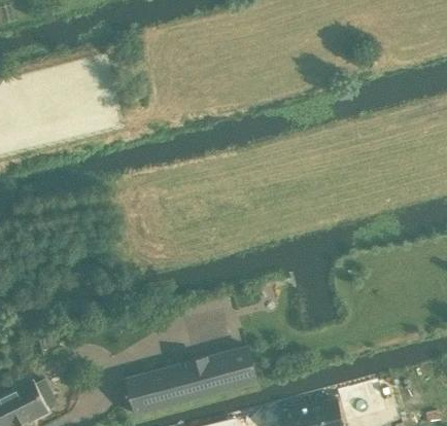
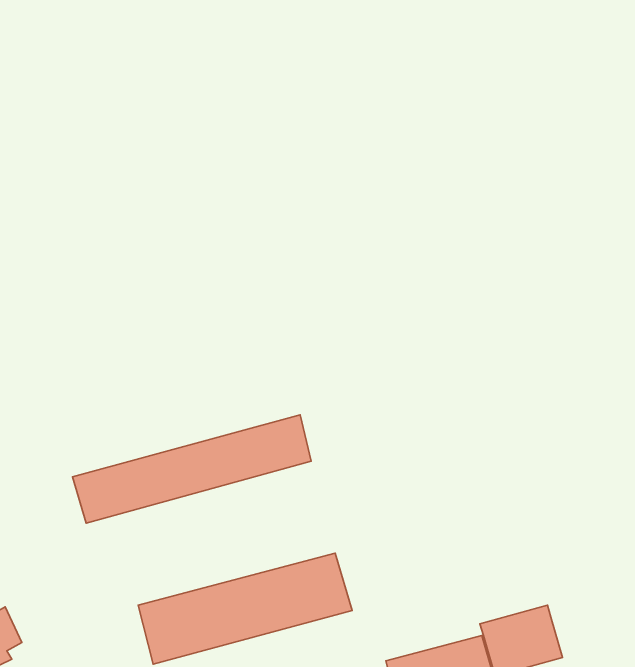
building: none -> [73,415,311,523]

